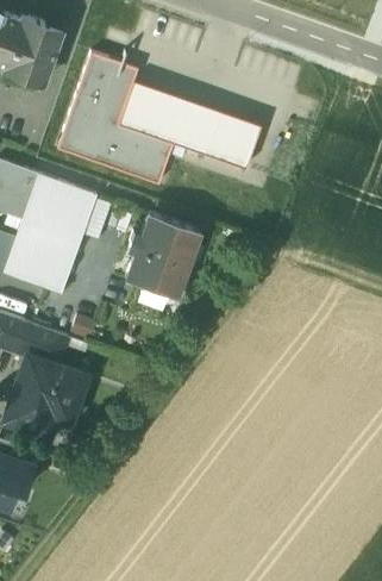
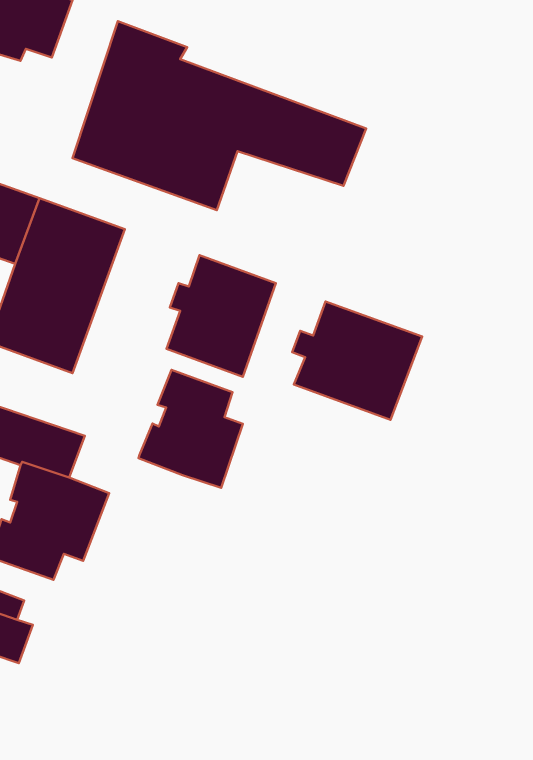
building: none -> [292,301,422,420]
building: none -> [139,370,243,488]

